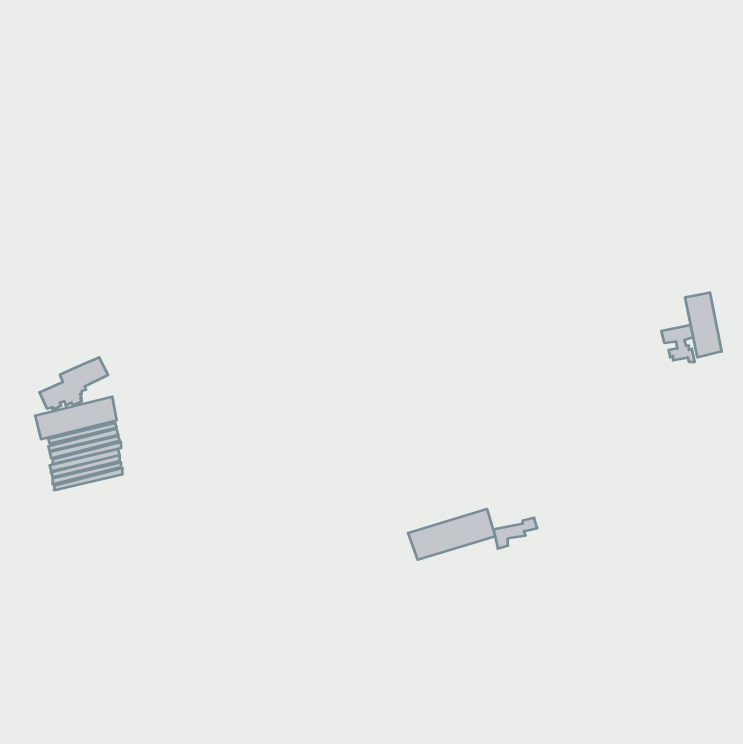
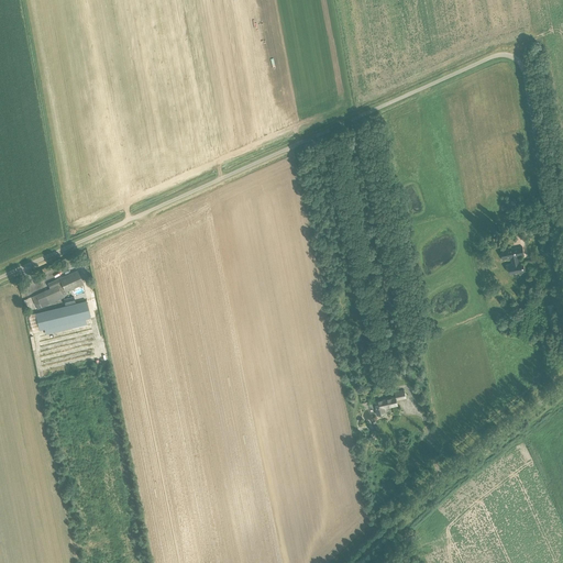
building: [685,292,722,357] -> none
building: [408,509,495,560] -> none

